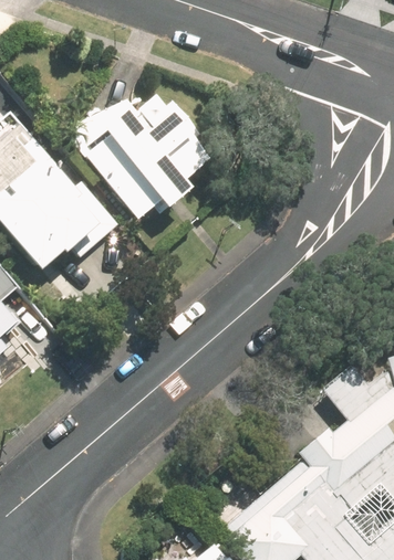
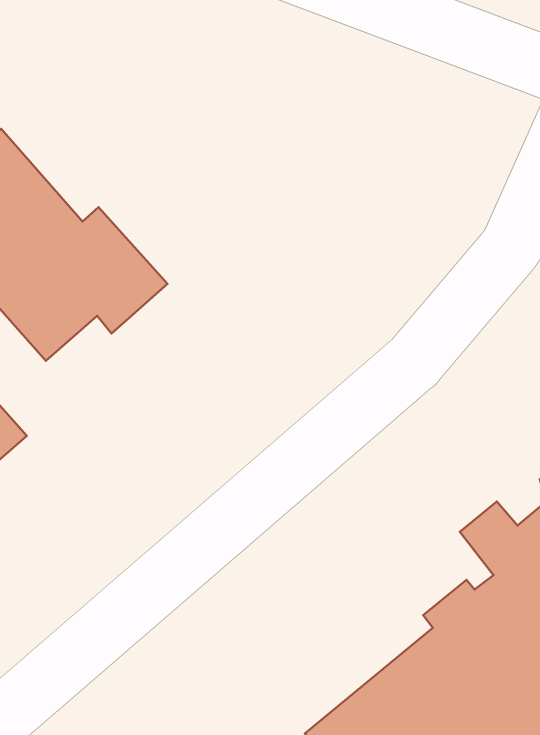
building: [66,93,208,220] -> none

